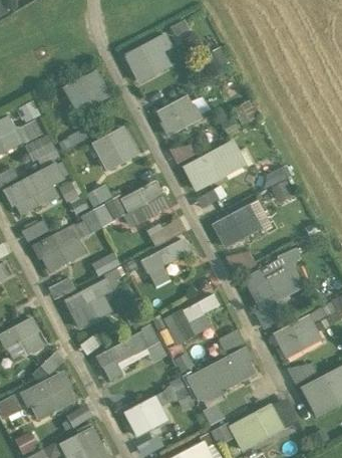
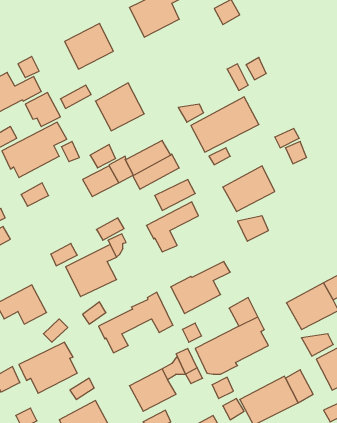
building: [156,95,203,137] -> none
building: [32,224,85,271] -> none
building: [244,248,304,309] -> none

